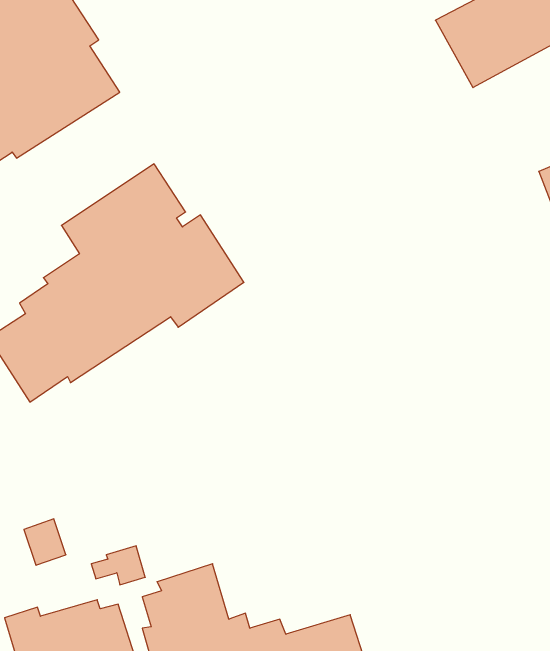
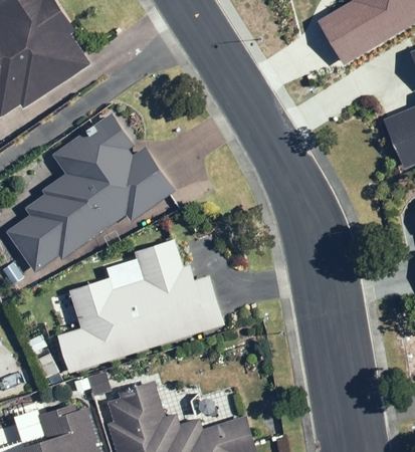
building: none -> [58,242,227,373]

